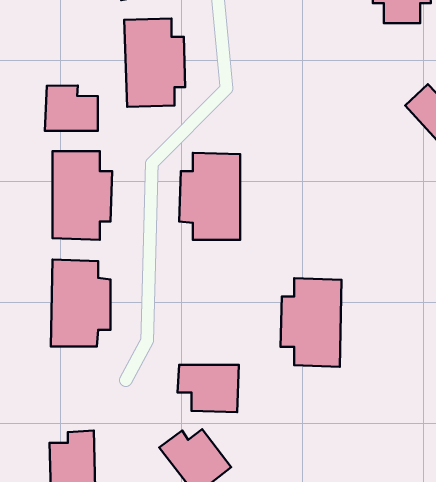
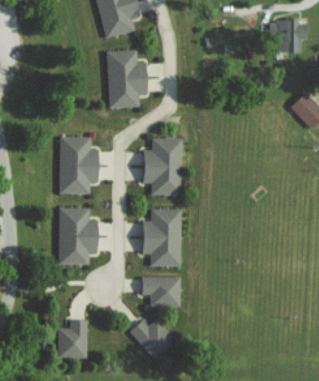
building: [45,85,98,131] -> none
building: [280,278,341,367] -> [141,208,181,266]

